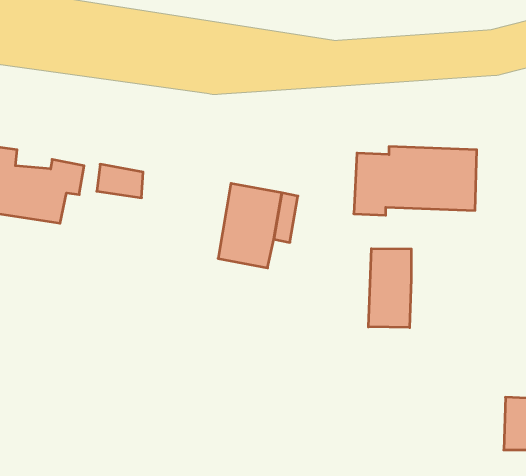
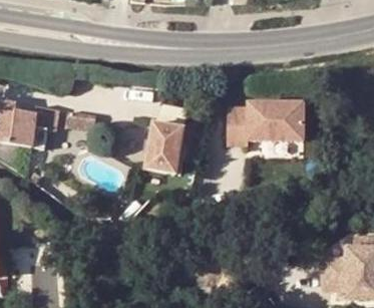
building: [368,249,411,328] -> none

